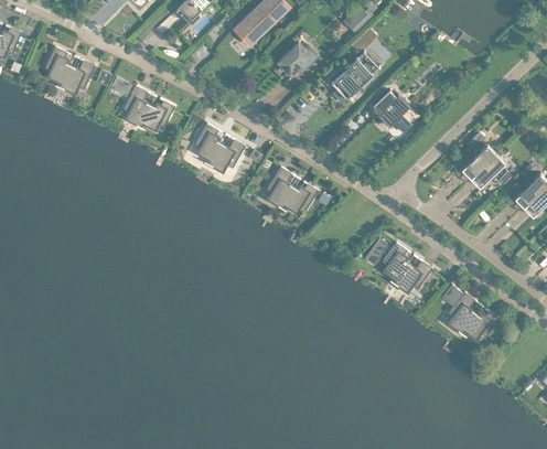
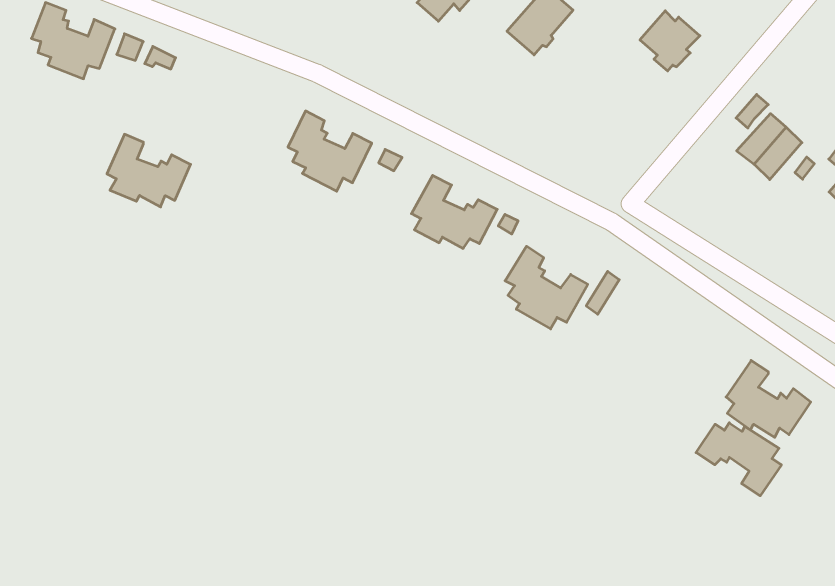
building: [122,86,173,131] -> [107,134,191,207]
building: [372,90,408,127] -> [640,11,700,71]
building: [380,243,430,293] -> [505,246,588,329]
building: none -> [696,423,781,496]

